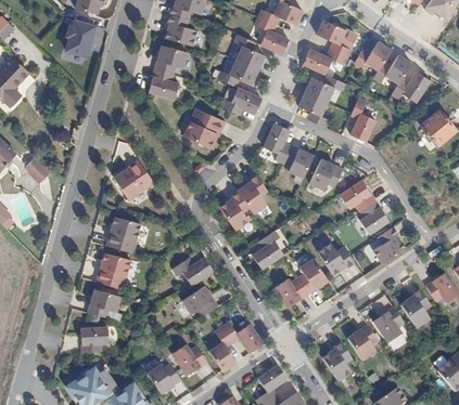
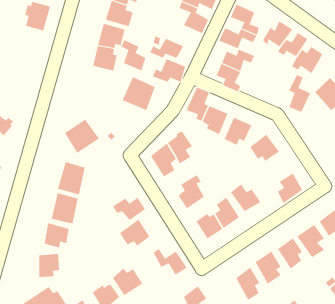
building: [233,32,265,71] -> [120,39,146,71]
building: [349,97,377,144] -> [289,74,311,113]
building: [358,200,390,234] -> none
building: [208,324,238,373] -> none

